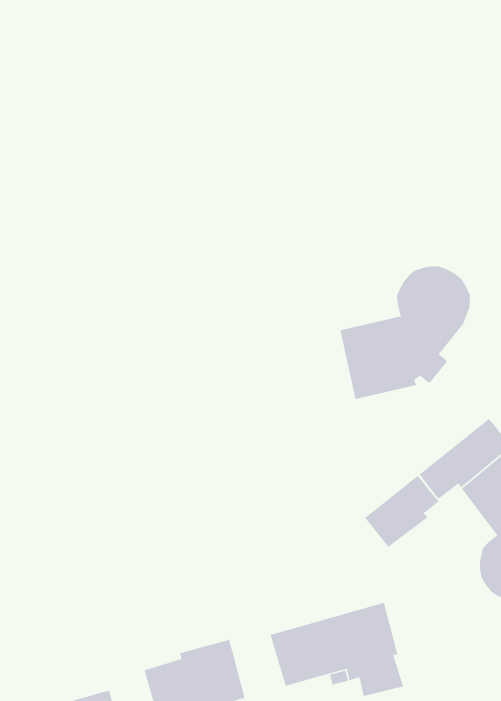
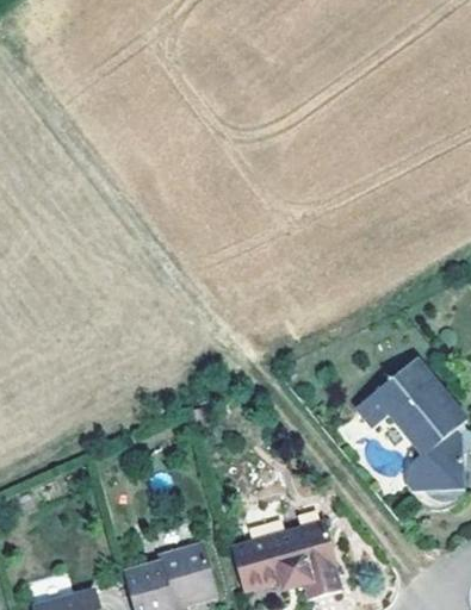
building: [340,265,471,400] -> none
building: [364,475,439,548] -> none

